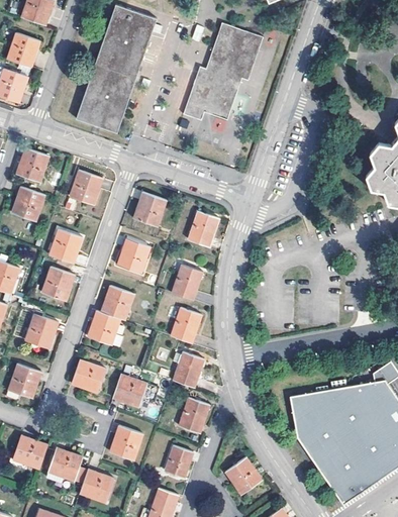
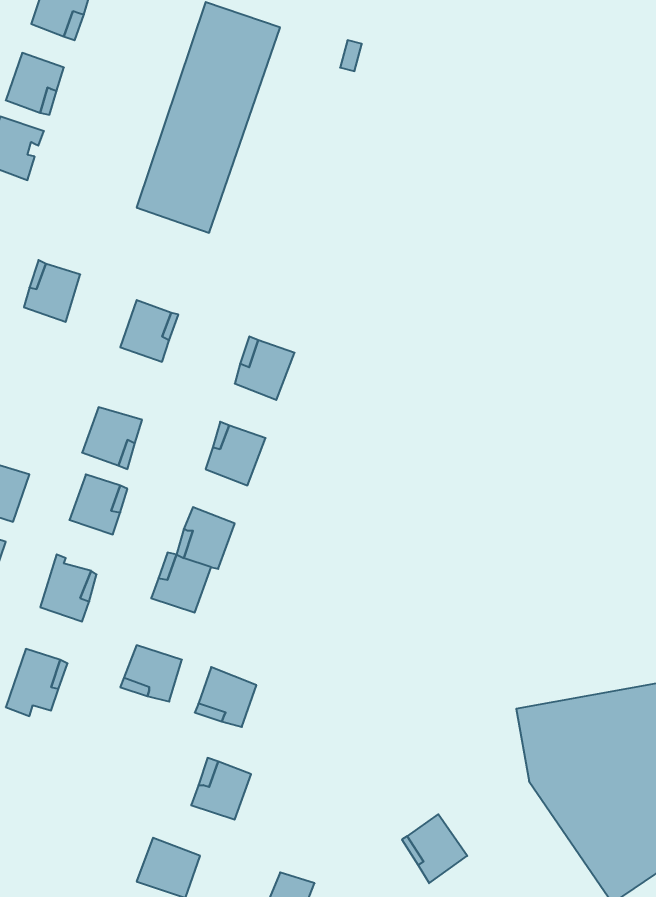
building: [185,22,264,120] -> none
building: [11,186,44,220] -> none
building: [188,210,218,246] -> none
building: [171,264,202,300] -> none
building: [171,307,202,342] -> none
building: [173,351,204,388] -> none
building: [179,396,209,432] -> none
building: [9,435,47,468] -> none
building: [165,445,192,478] -> none
building: [46,447,83,480] -> none

